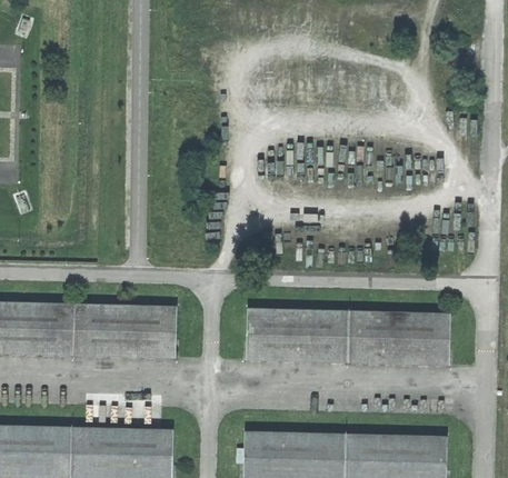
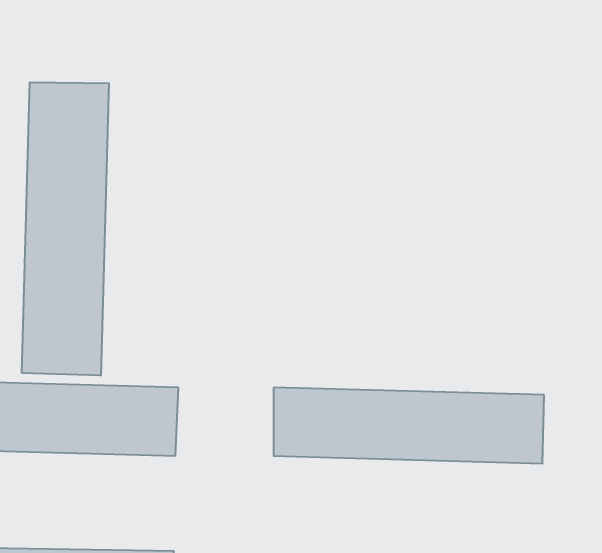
building: none -> [22,82,109,376]

